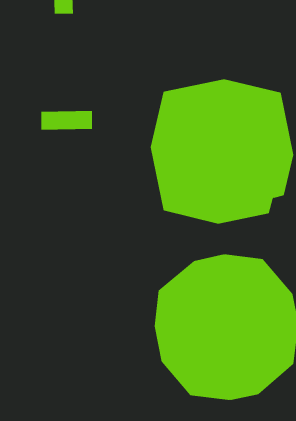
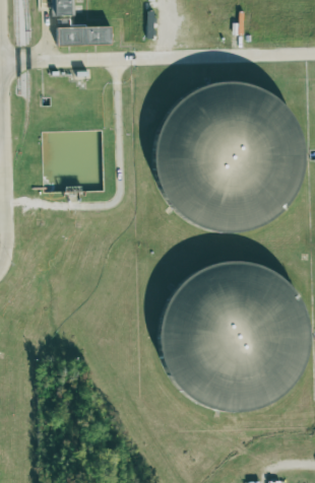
building: [40,110,93,130] -> [59,25,113,46]

